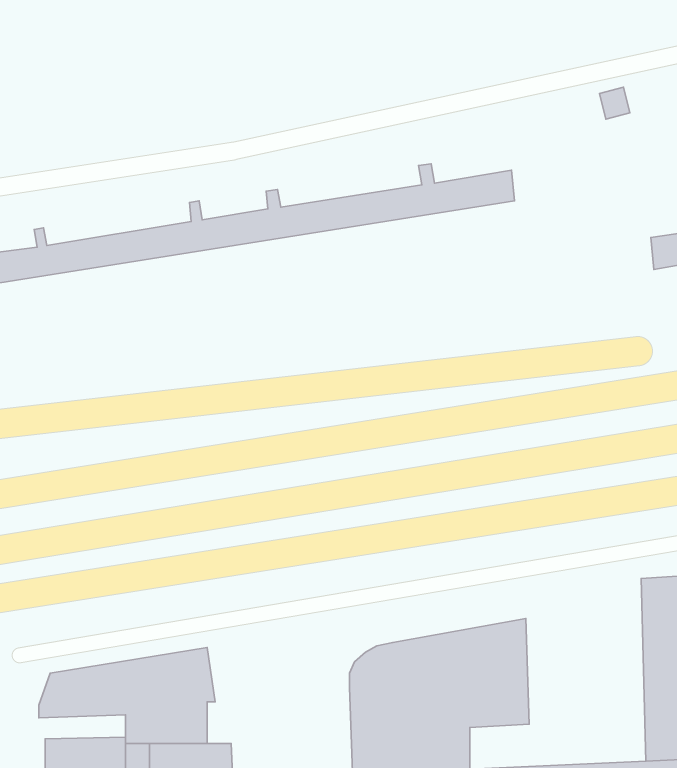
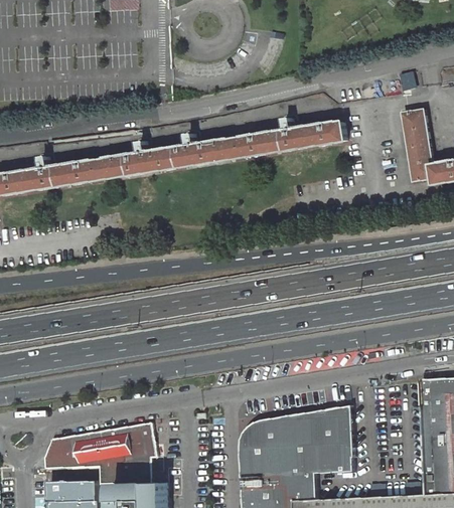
building: none -> [401,109,431,178]

